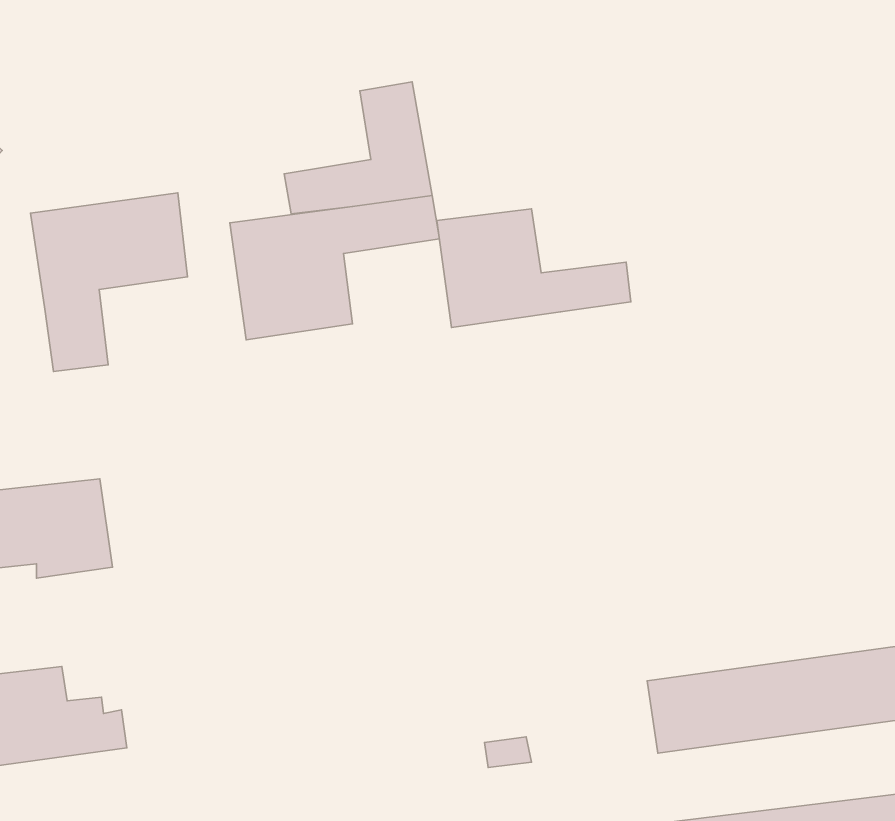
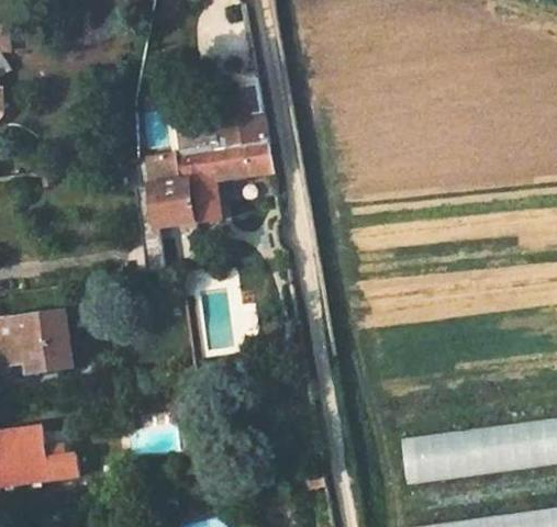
building: [30,193,187,371] -> none
building: [437,209,631,328] -> none

